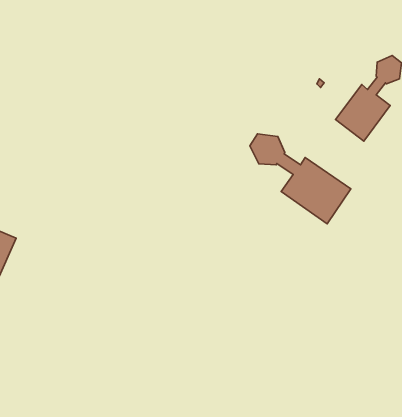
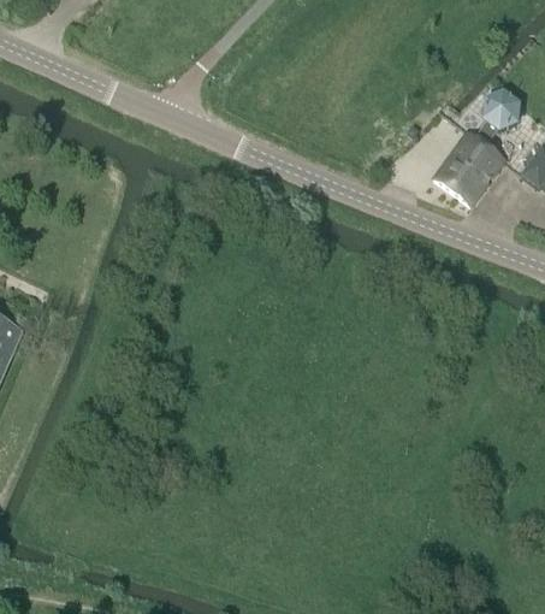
building: [250,134,351,224] -> none

